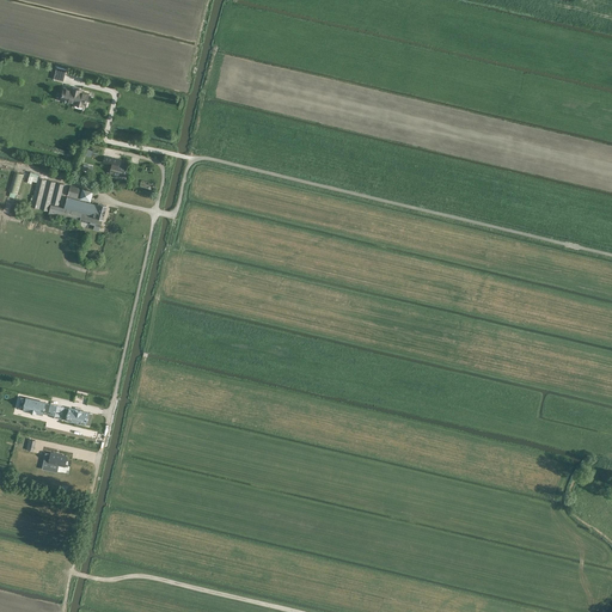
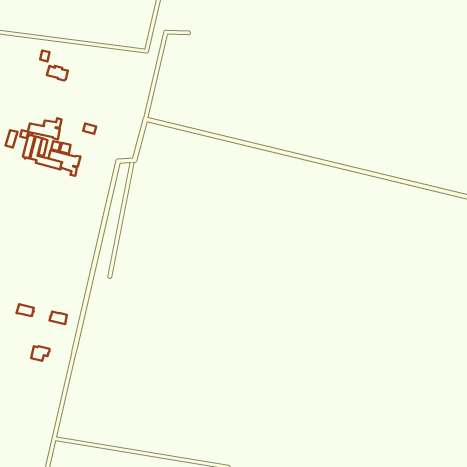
building: none -> [28,118,62,139]

